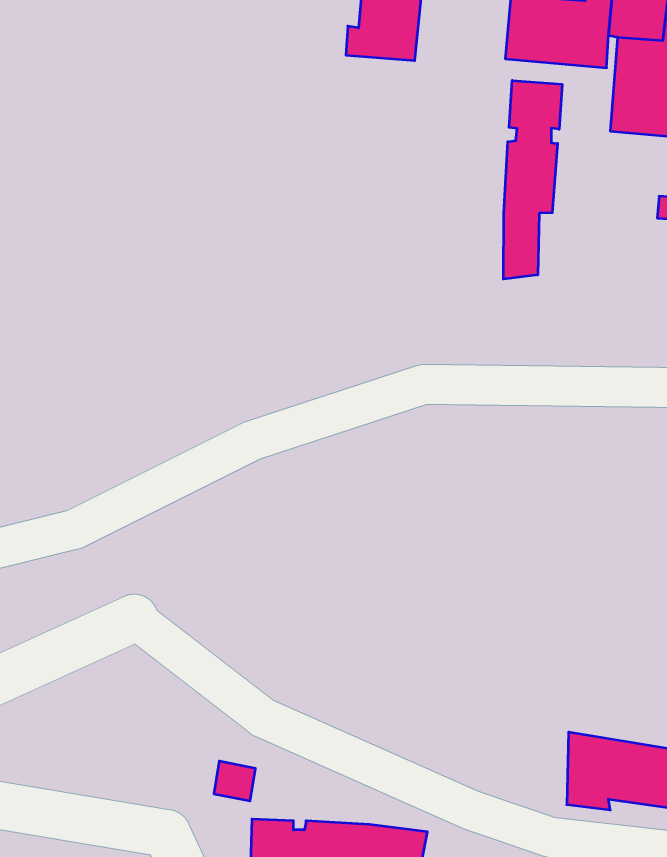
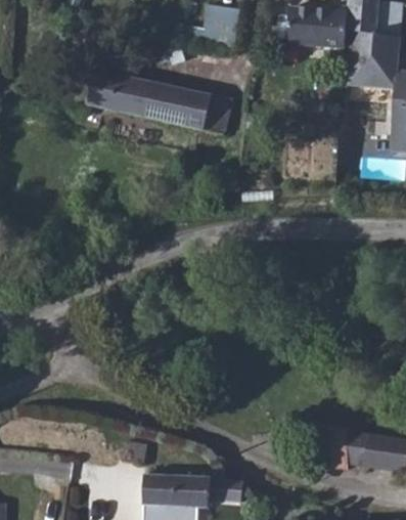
building: [503,80,562,279] -> none
building: none -> [89,70,233,135]

